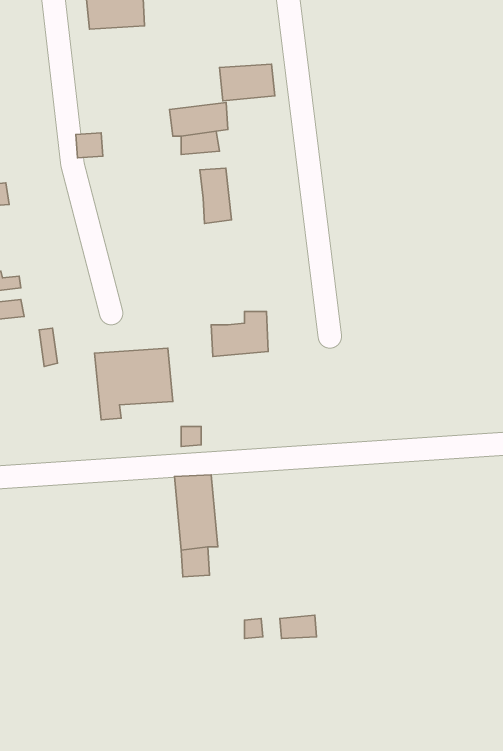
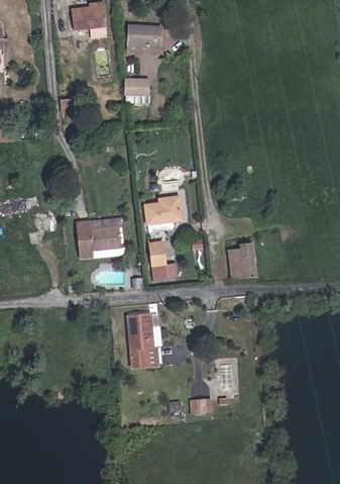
building: [220,64,275,101] -> [130,23,163,45]
building: [200,168,231,224] -> none
building: none -> [147,233,164,273]
building: none -> [227,234,252,273]

